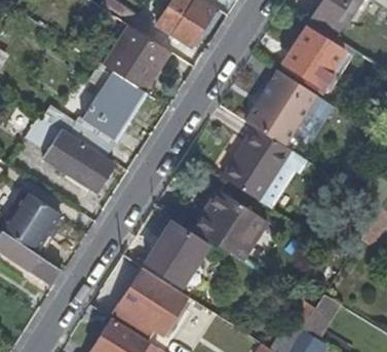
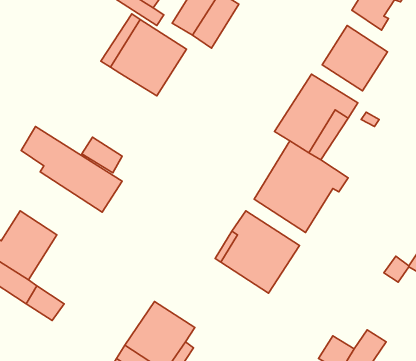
building: [82,71,147,141] -> none
building: [146,221,206,282] -> none

